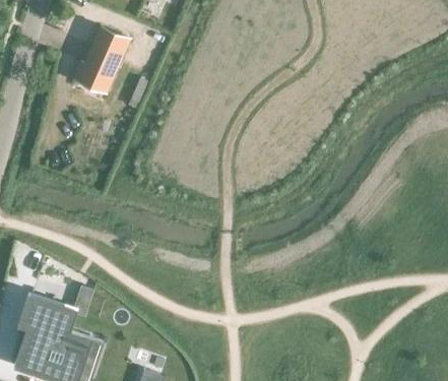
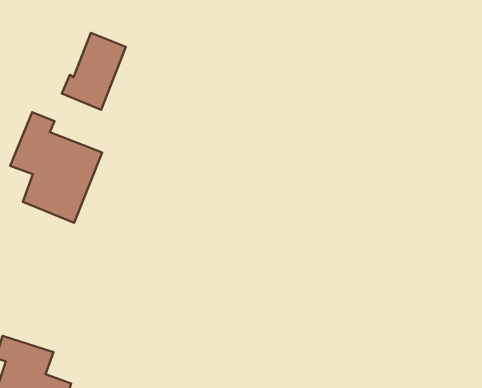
building: none -> [10,112,102,223]

